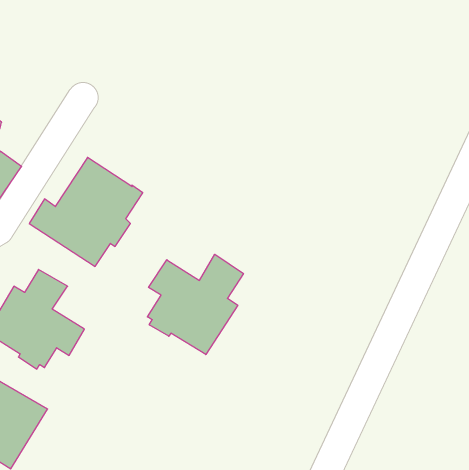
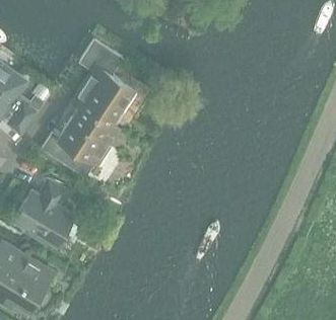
building: none -> [73,41,137,126]
building: [147,254,243,355] -> none

